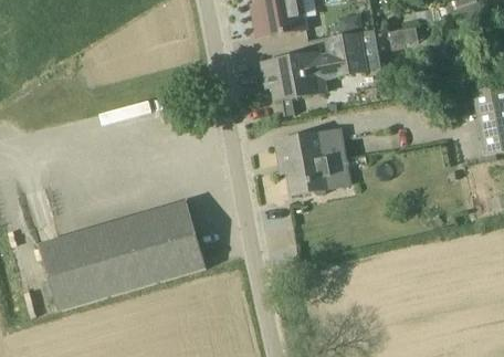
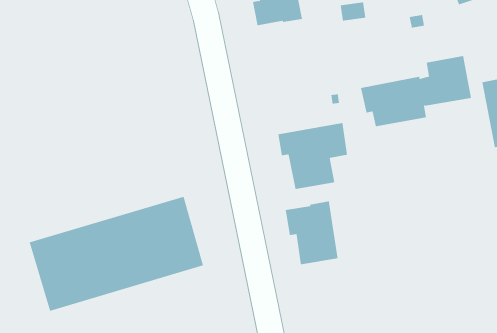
building: [262,31,369,99] -> [360,55,472,127]
building: none -> [285,201,338,265]

